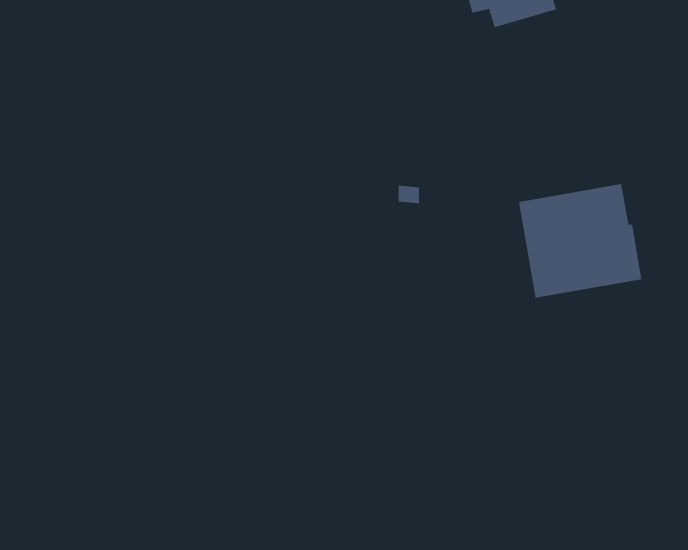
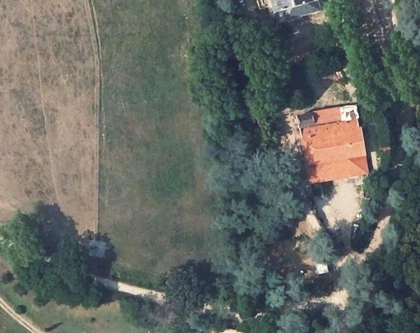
building: none -> [308,156,368,182]

